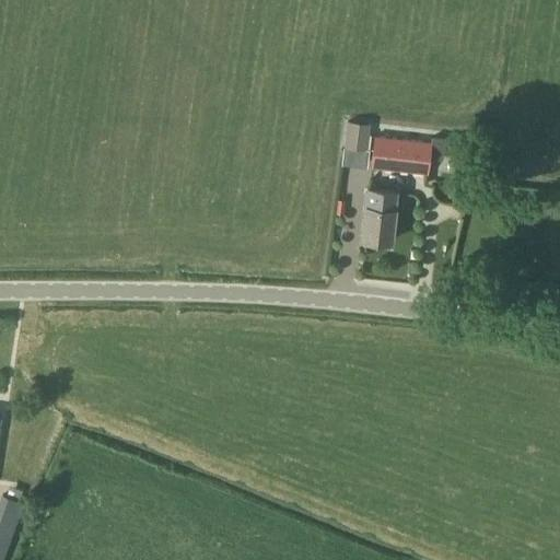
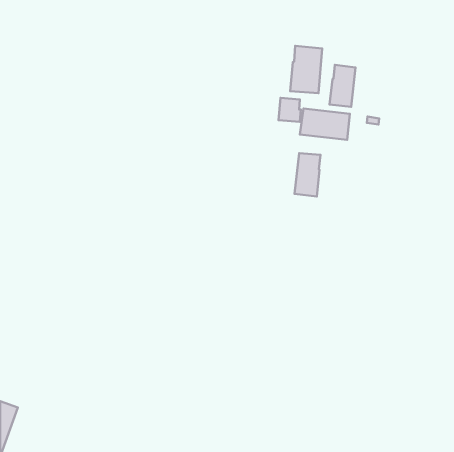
building: none -> [290,46,322,93]
building: none -> [329,65,356,107]

